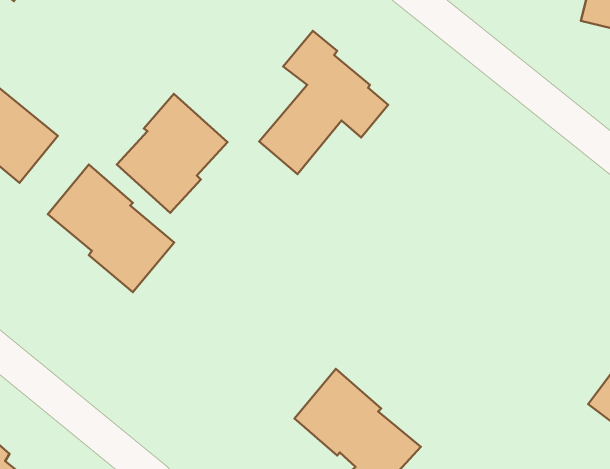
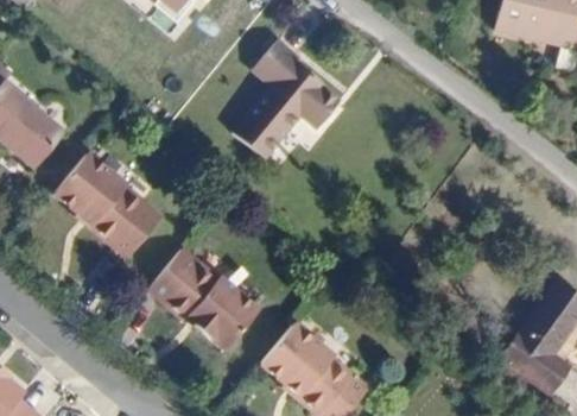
building: [117,94,227,213] -> none
building: none -> [144,250,254,348]

